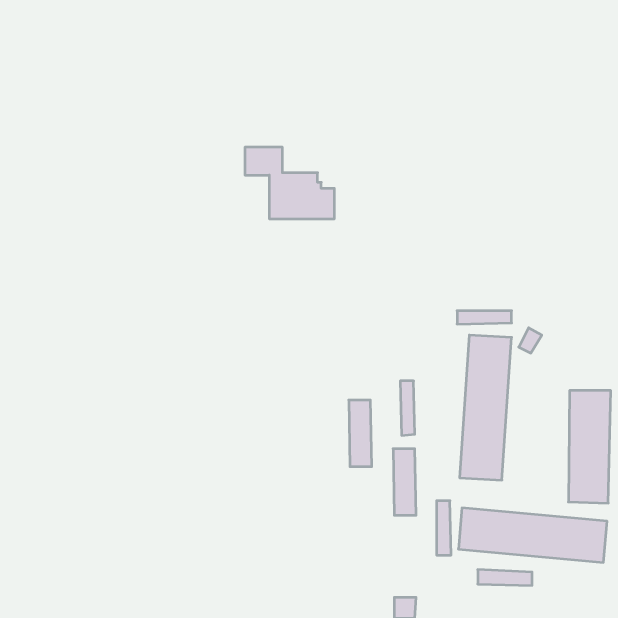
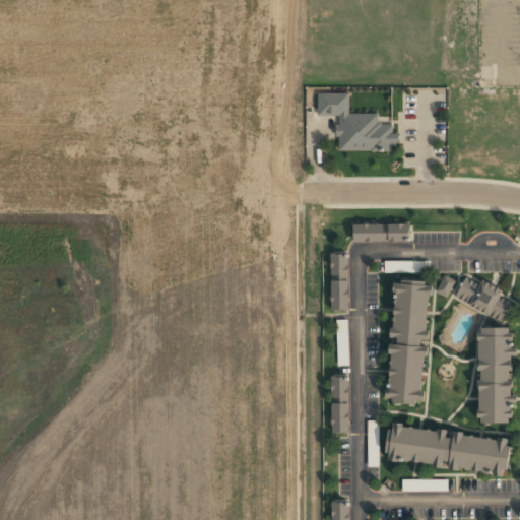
building: [245,147,334,219] -> [314,91,389,151]
building: none -> [352,223,410,242]
building: none -> [454,274,511,321]
building: [349,400,372,467] -> [330,254,349,310]

